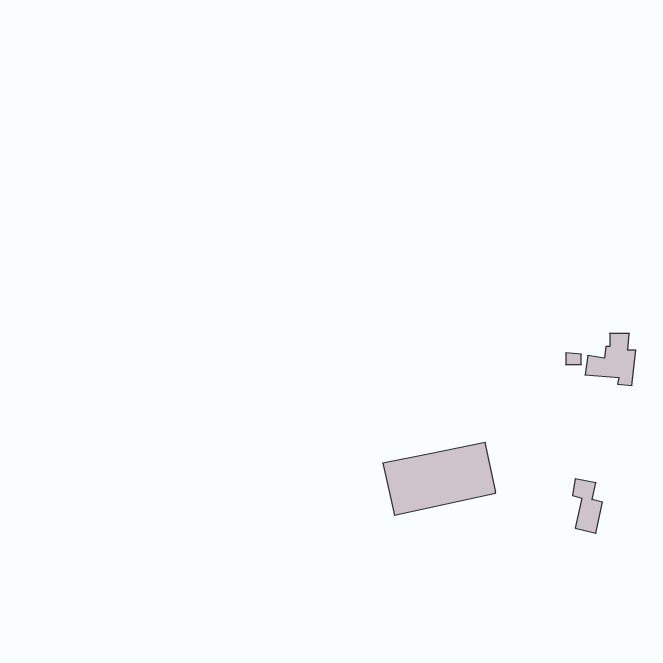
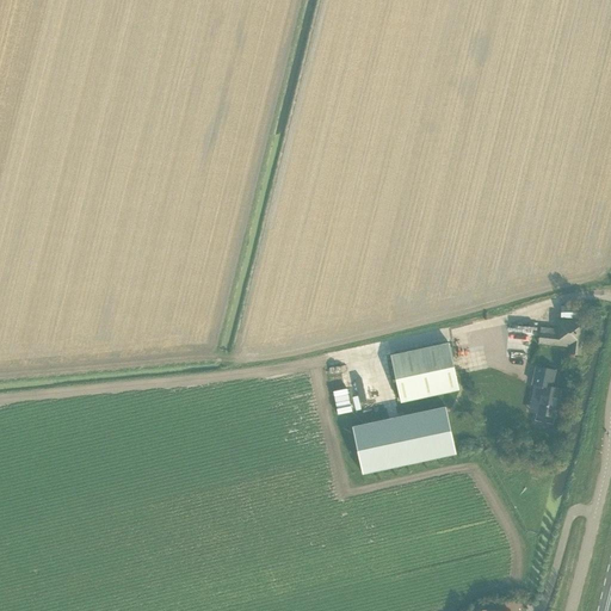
building: none -> [388,341,457,400]
building: [573,479,602,533] -> [532,368,560,418]

